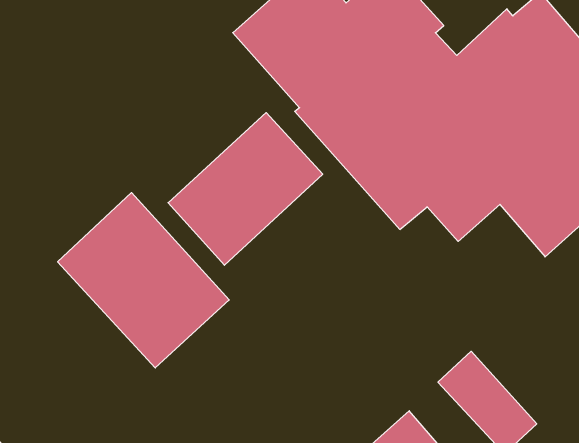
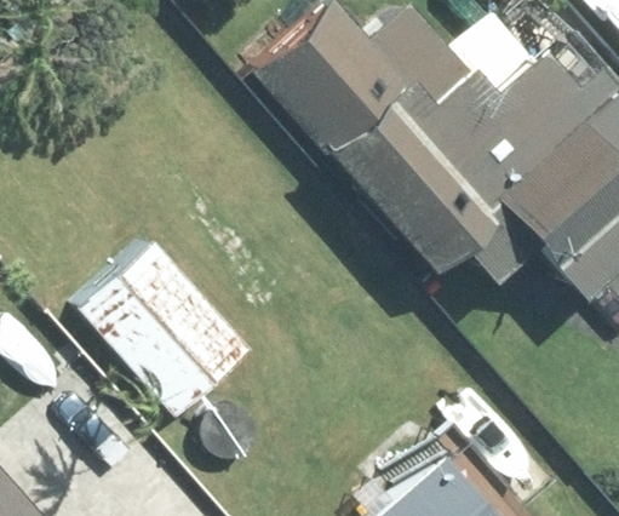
building: [168,113,323,265] -> none

